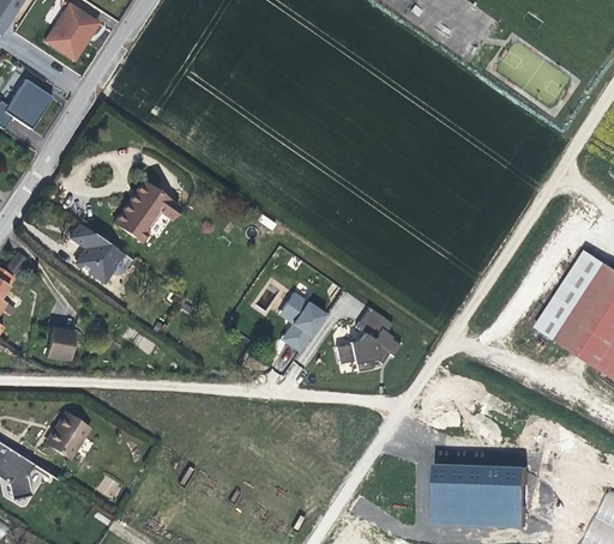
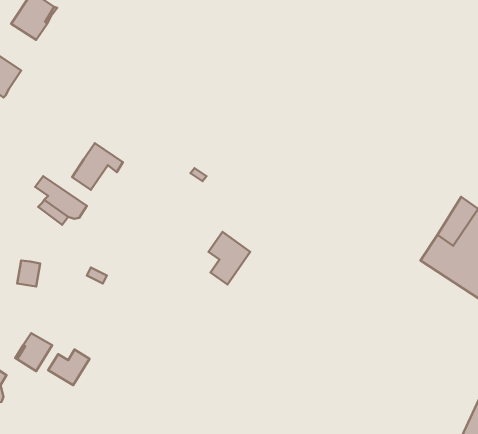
building: [341,307,403,369] -> none
building: none -> [48,350,90,385]
building: [431,465,526,527] -> none

